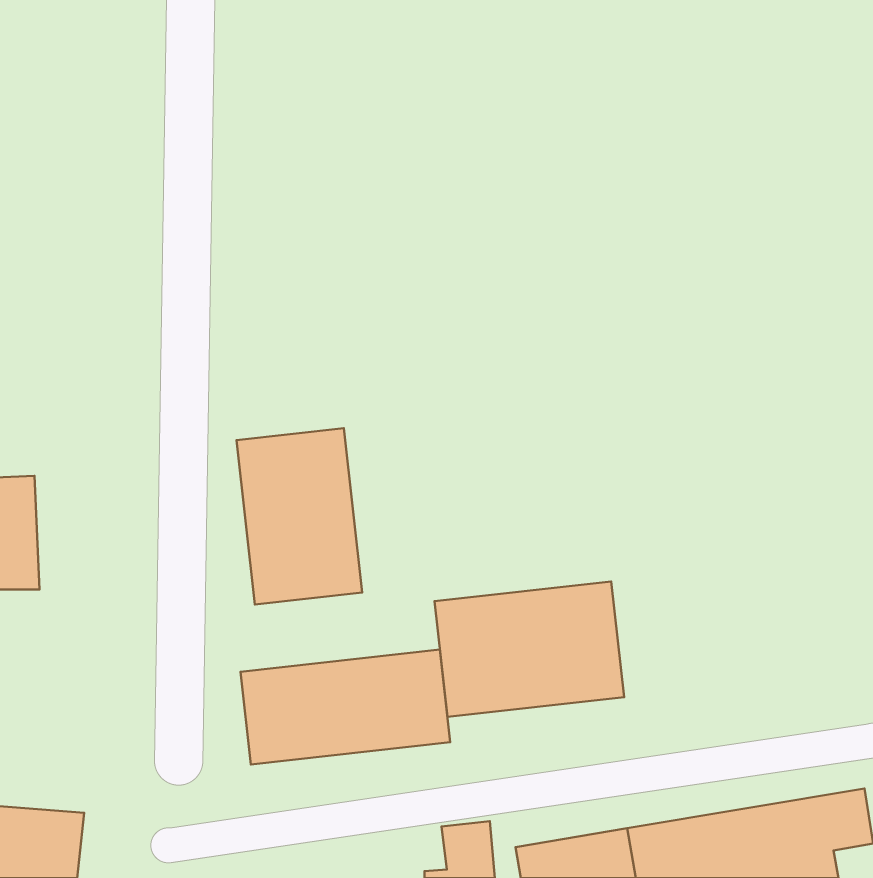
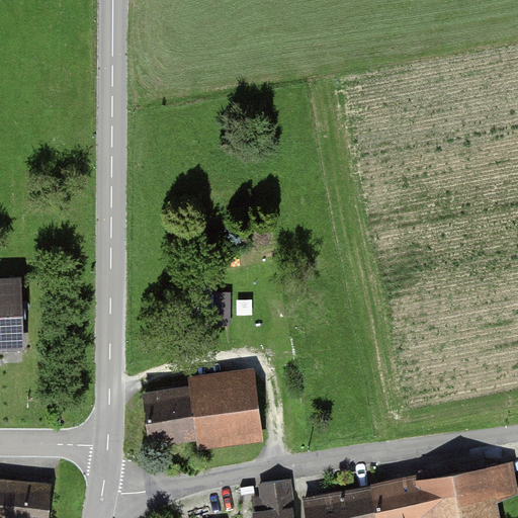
building: [236,428,362,604] -> none
building: [434,581,624,717] -> none

